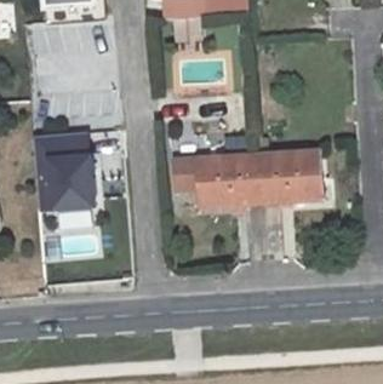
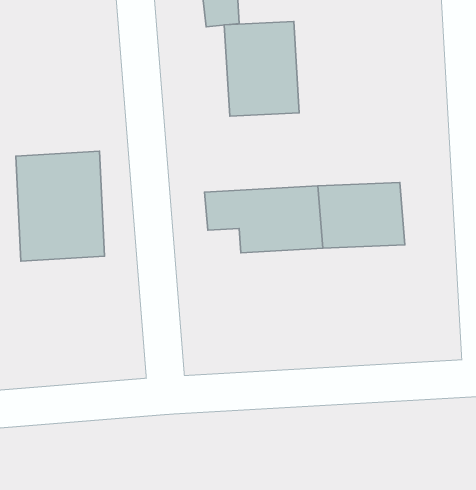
building: none -> [224,22,299,116]

